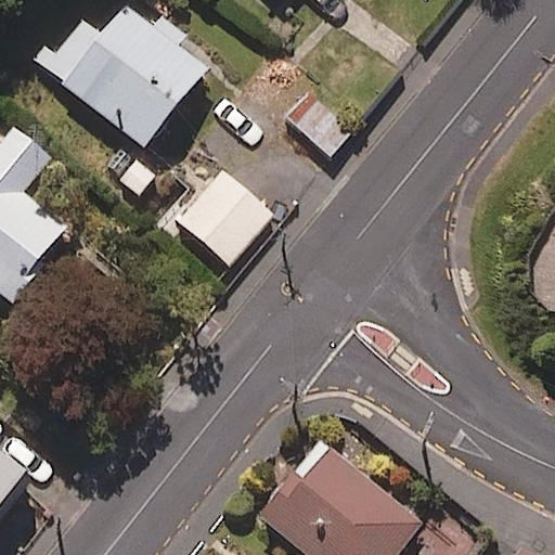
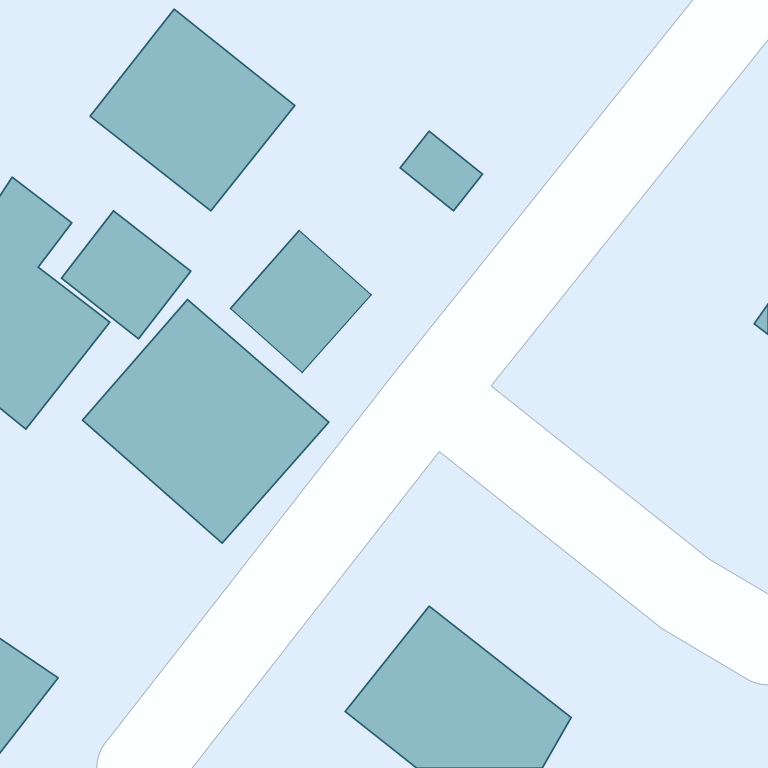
building: none -> [61,211,191,339]
building: none -> [83,299,329,543]

